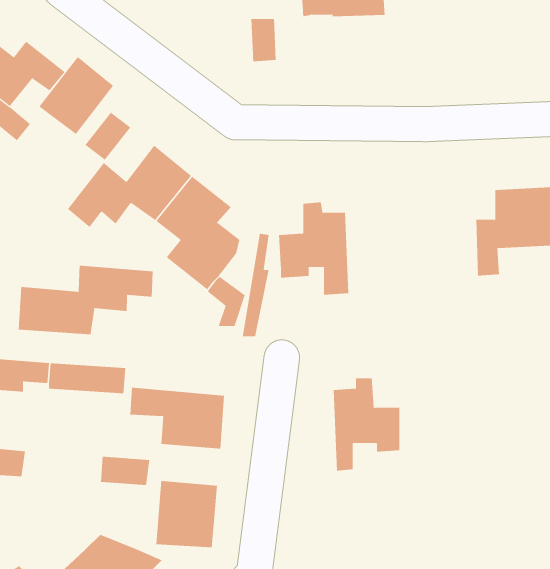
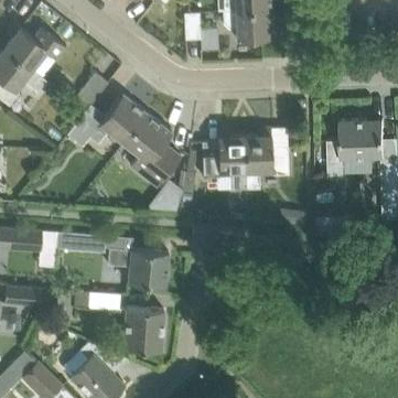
building: none -> [223,11,271,40]
building: [39,56,114,135] -> none
building: [18,265,153,335] -> none
building: [333,378,400,471] -> [245,129,288,189]

